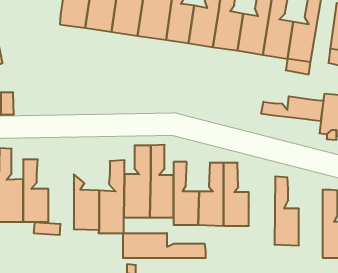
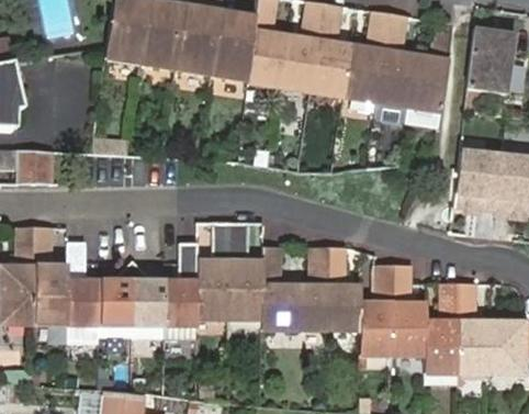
building: [261,96,323,121] -> none
building: none -> [90,259,124,325]
building: none -> [359,262,394,367]
building: none -> [426,280,458,372]
building: [123,233,206,258] -> none

